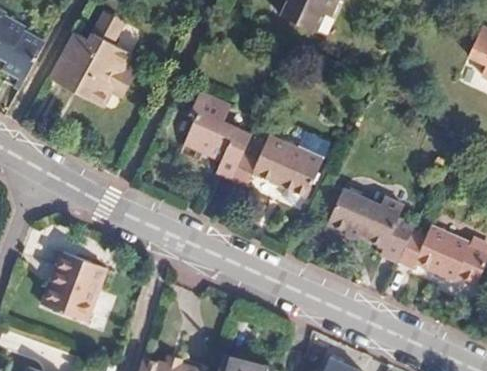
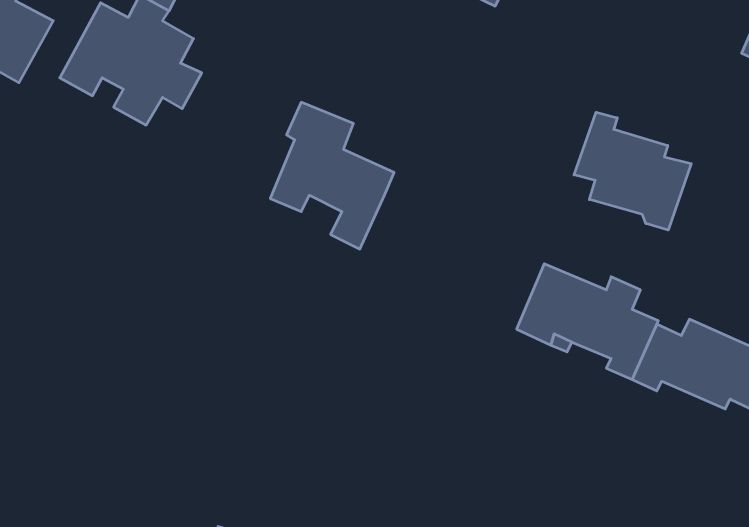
building: none -> [574,112,691,230]
building: [230,137,322,200] -> none
building: [45,247,107,314] -> none

